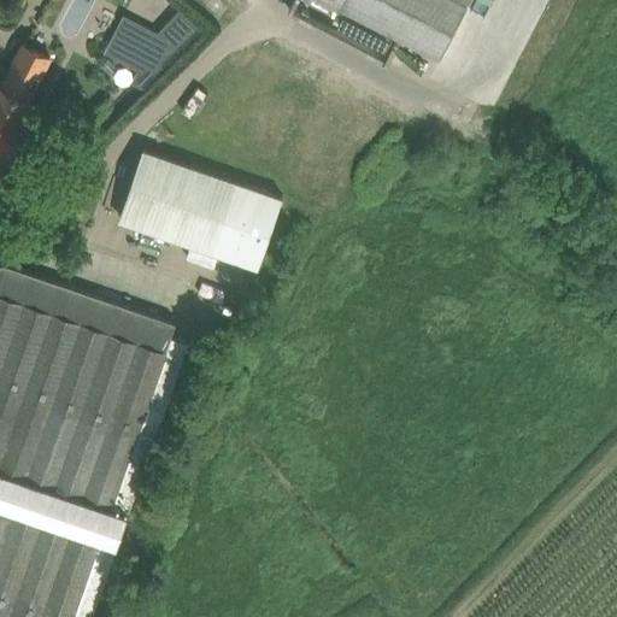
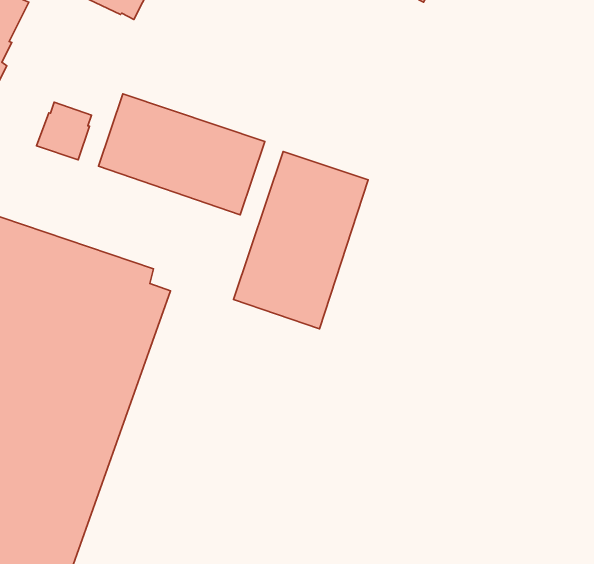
building: none -> [37,102,92,160]
building: none -> [233,152,368,329]

